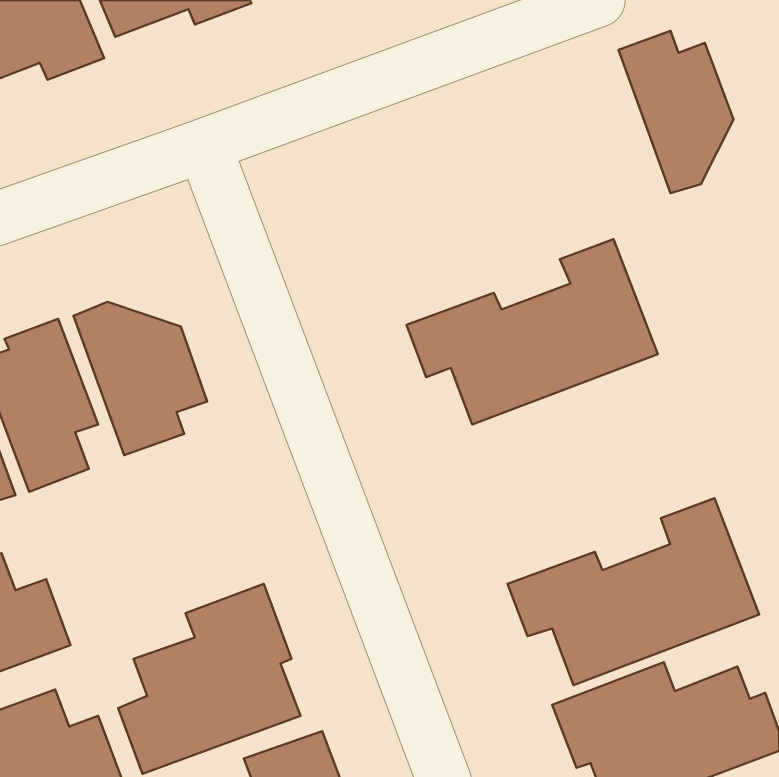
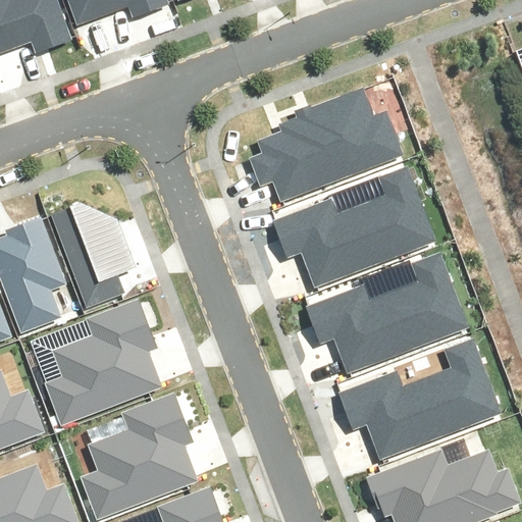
building: [619,31,734,193] -> none
building: none -> [254,89,402,197]
building: none -> [299,248,465,371]
building: none -> [40,300,161,426]

